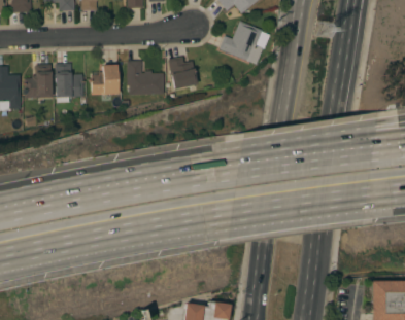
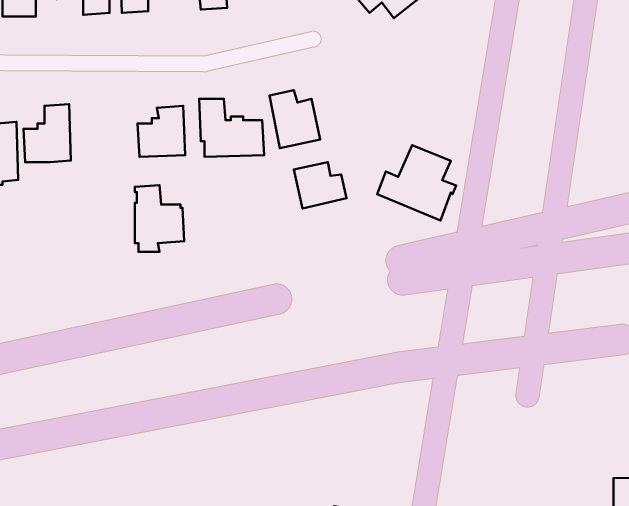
building: [220,21,266,65] -> [377,145,456,221]
building: [56,63,85,102] -> [135,185,184,252]
building: none -> [294,162,347,209]

